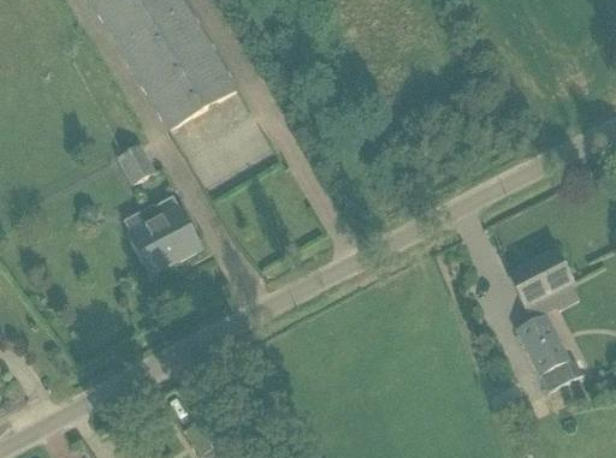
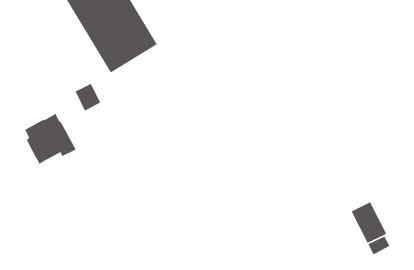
building: [126,196,202,270] -> [24,113,77,165]
building: [509,250,573,308] -> none

